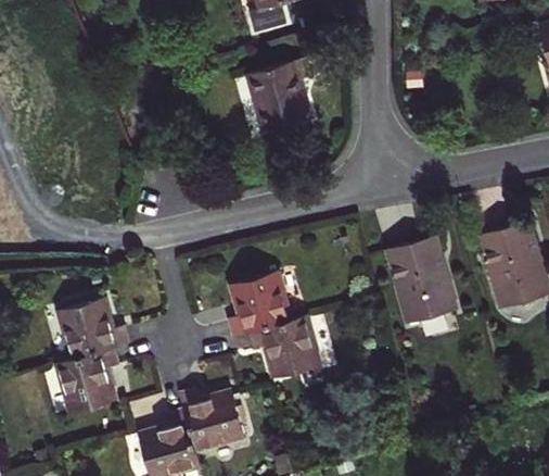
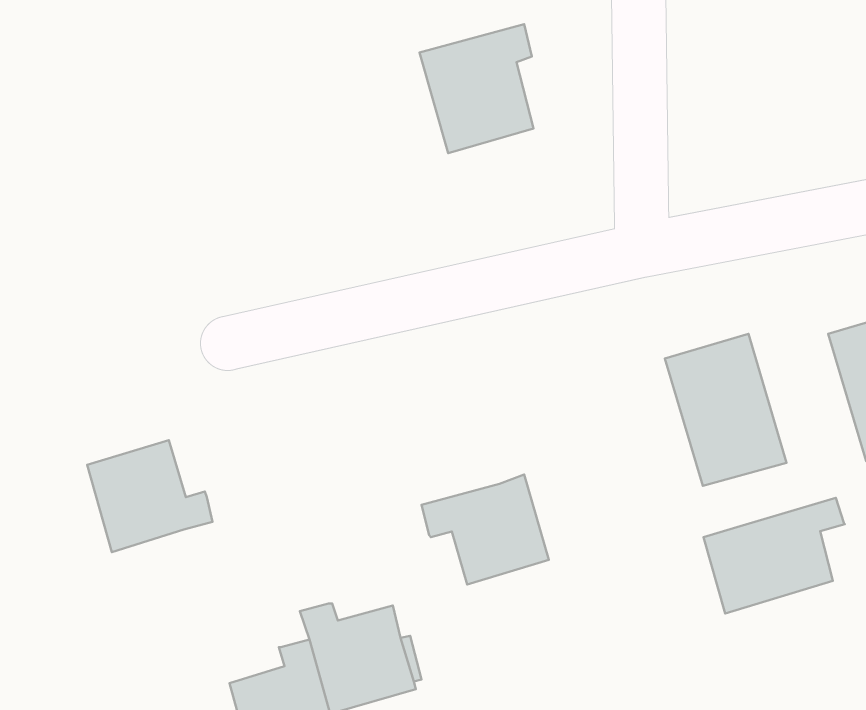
building: [229,272,293,338] -> none
building: none -> [704,498,845,613]
building: [55,348,118,414] -> none

